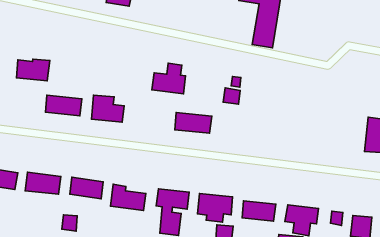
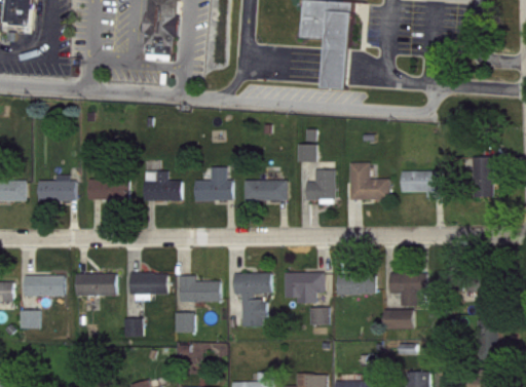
building: [16,59,50,81] -> [36,177,74,202]
building: [152,63,186,94] -> [193,167,231,201]
building: none -> [348,162,388,200]
building: none -> [305,169,334,204]
building: none -> [400,171,441,198]
building: none -> [174,313,193,333]

